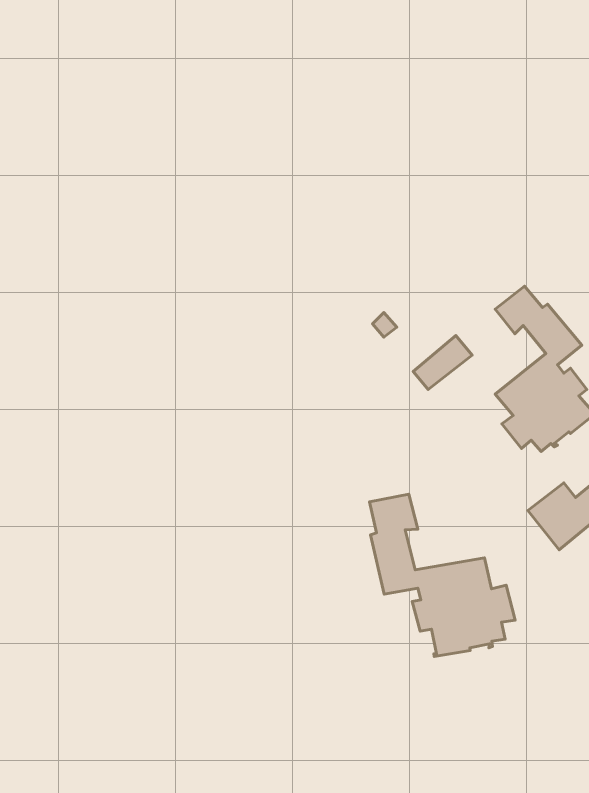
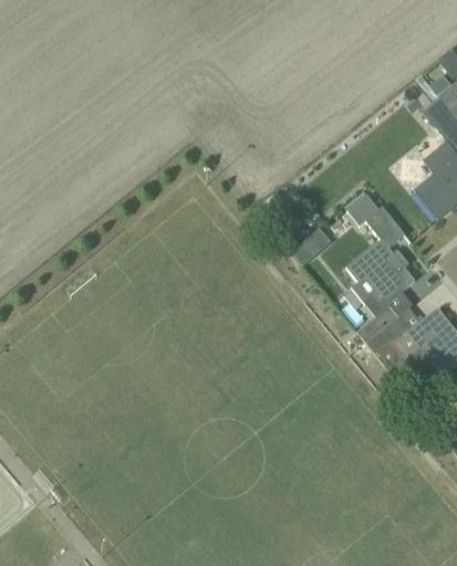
building: none -> [356,304,398,345]
building: [369,494,515,657] -> none

